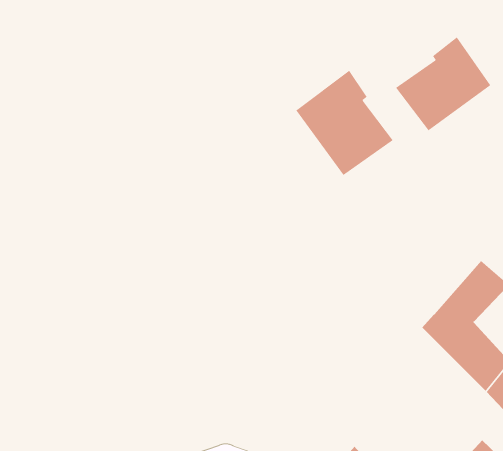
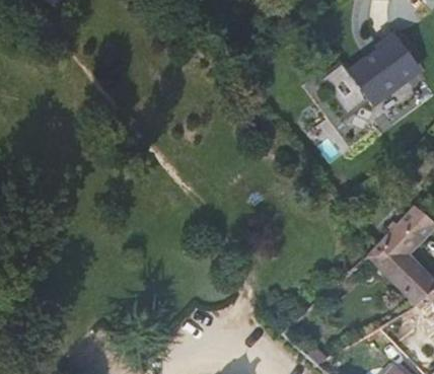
building: [296,70,393,176] -> none

